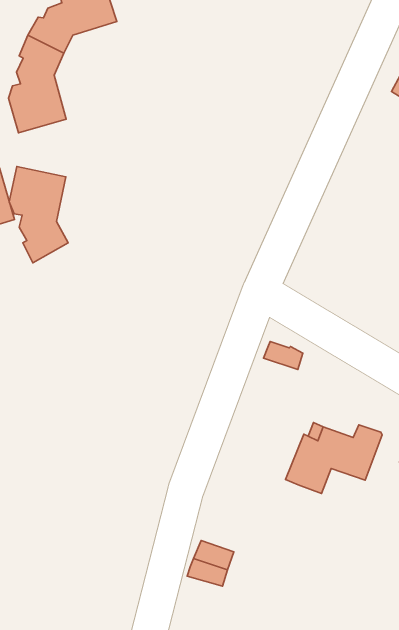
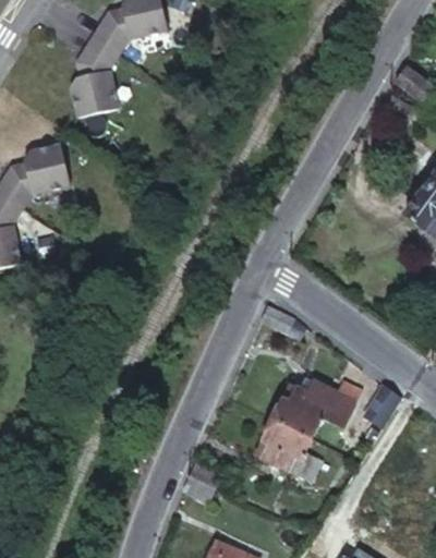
building: [9,166,68,263] -> none
building: none -> [254,420,305,476]

